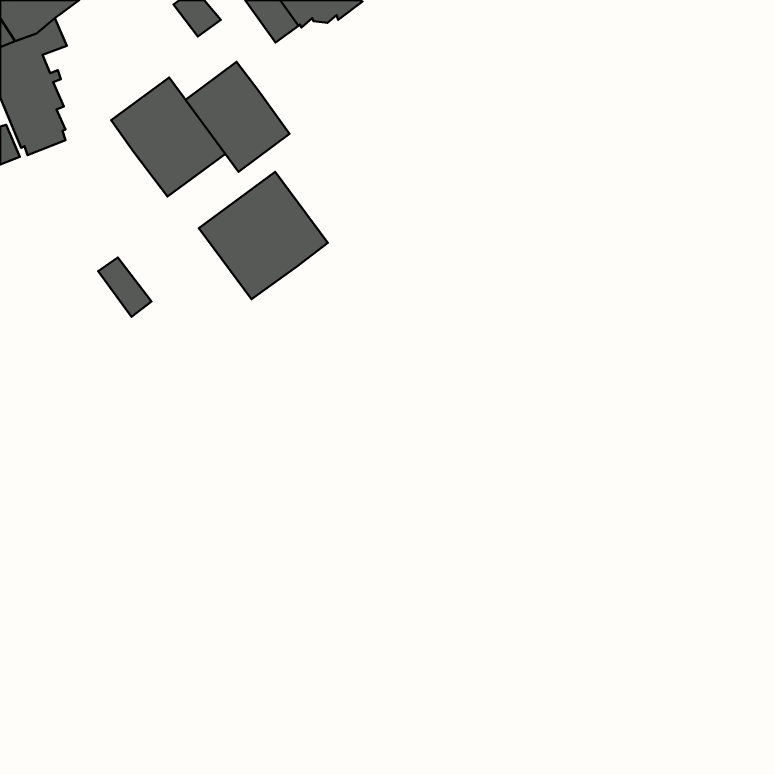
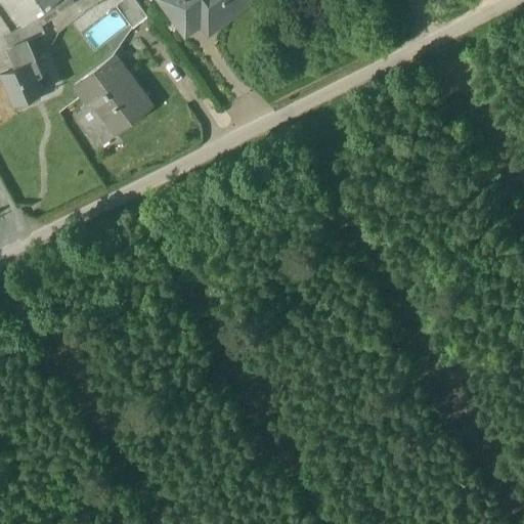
building: [185,62,290,172] -> none
building: [199,172,328,299] -> none
building: [98,257,151,317] -> [79,104,115,144]

